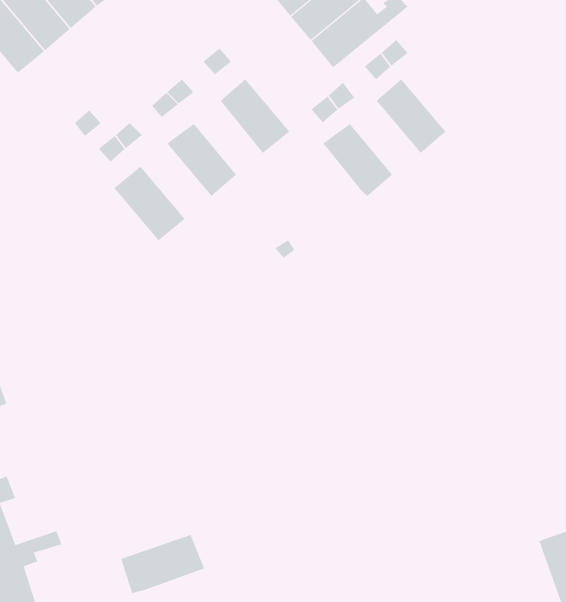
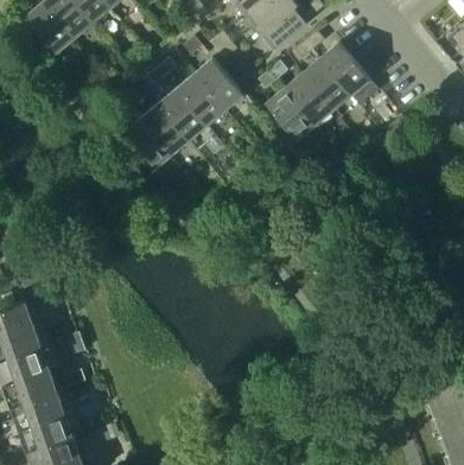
building: none -> [322,43,380,106]
building: none -> [178,74,225,125]
building: none -> [286,74,335,125]
building: none -> [141,103,190,155]
building: [120,534,205,594] -> none

